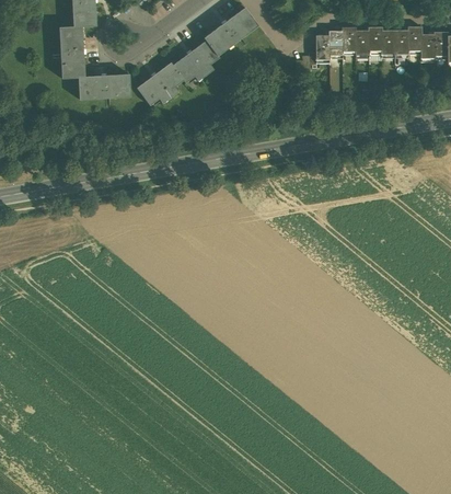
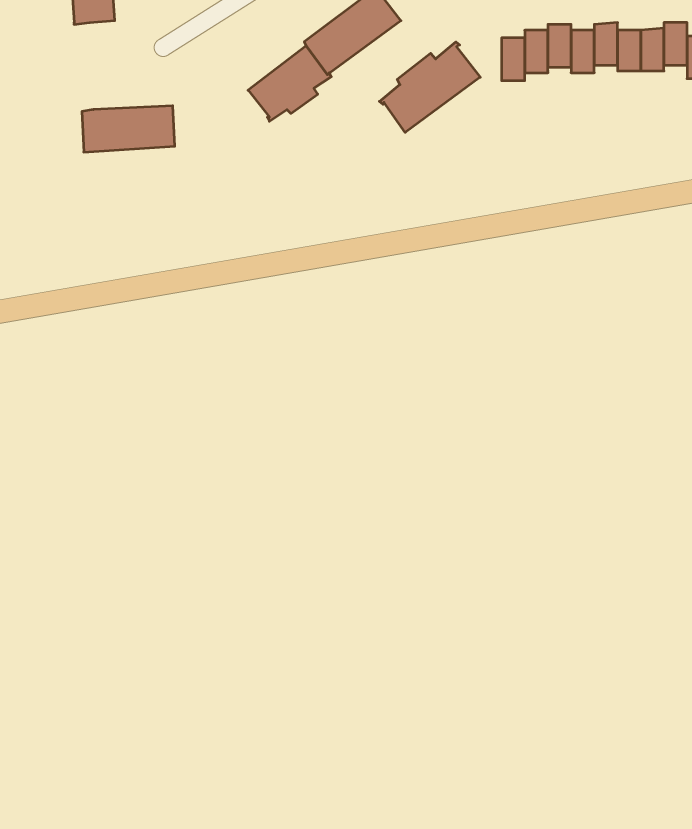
building: [58,26,84,78] -> none
building: none -> [379,42,480,132]
building: [136,61,184,105] -> none

